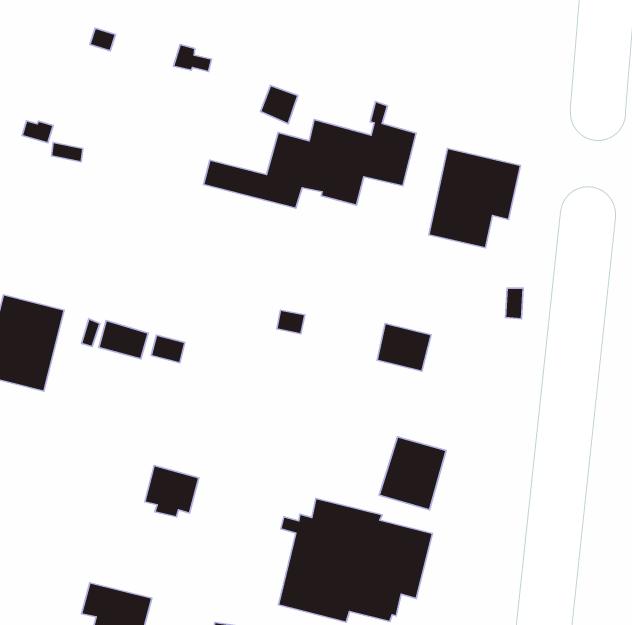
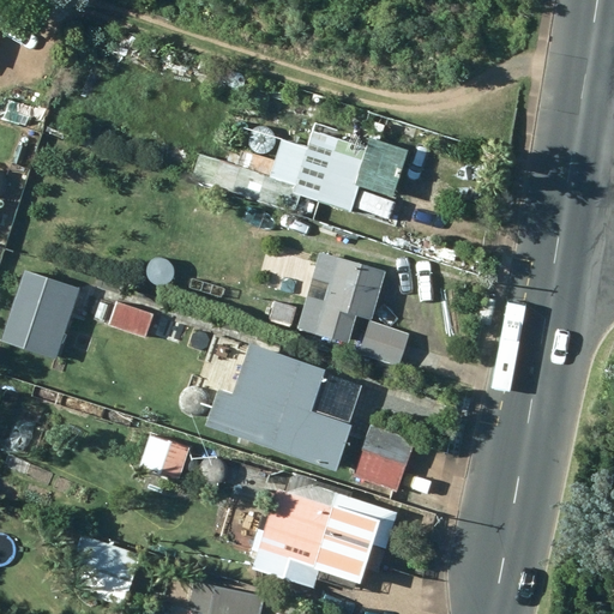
building: [429,148,521,248] -> [297,251,385,343]
building: none -> [204,344,360,470]

